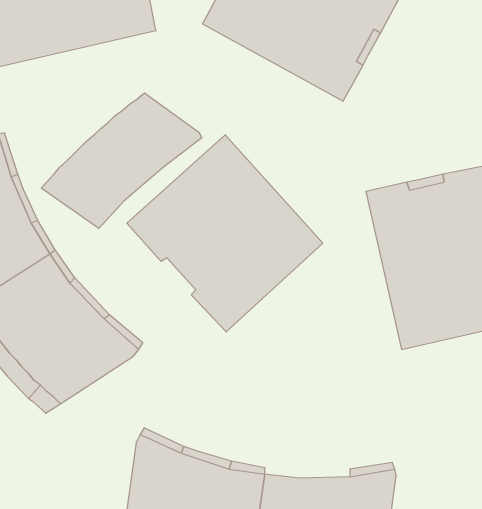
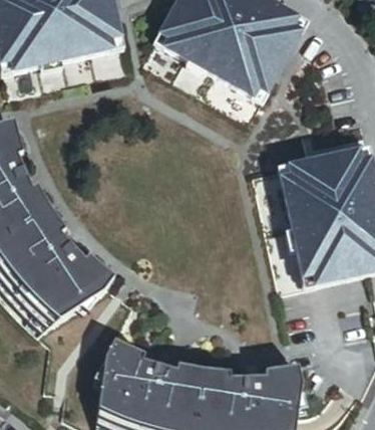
building: [41,93,202,229] -> none
building: [127,135,323,332] -> none

